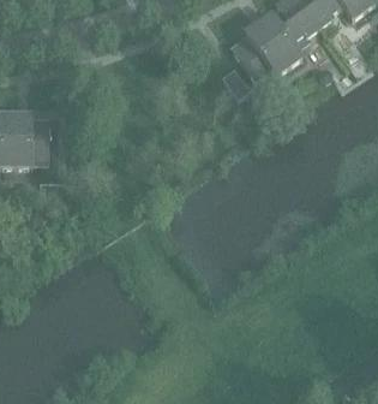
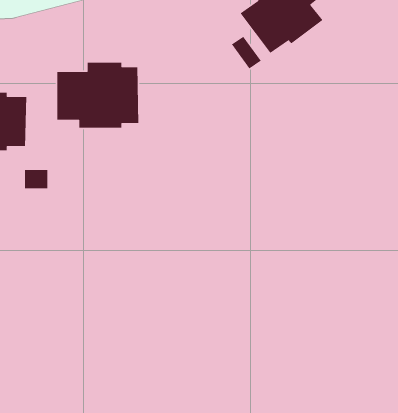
building: none -> [57,62,139,128]

